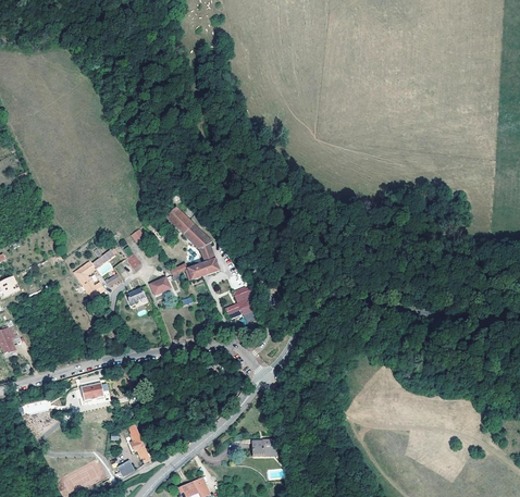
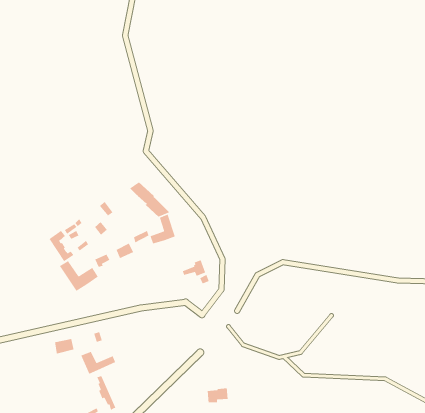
building: none -> [59,260,99,292]
building: none -> [80,351,116,375]

